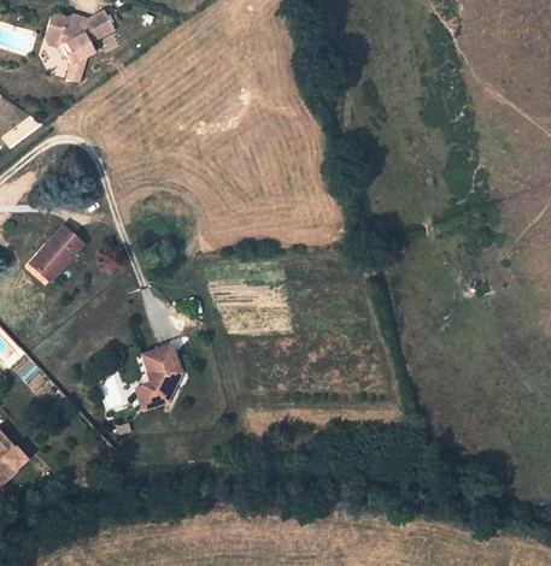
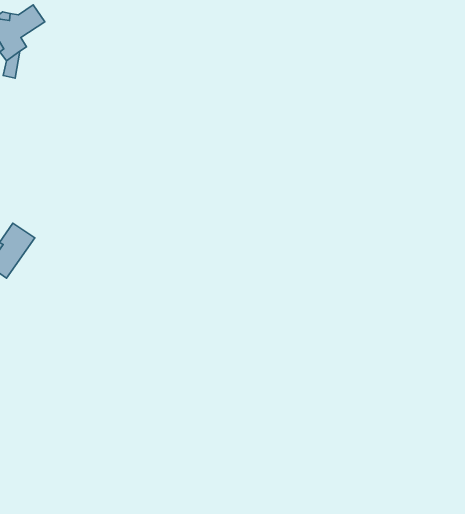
building: [133,347,176,407] -> none

